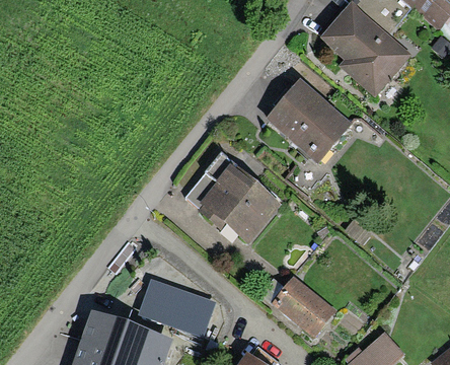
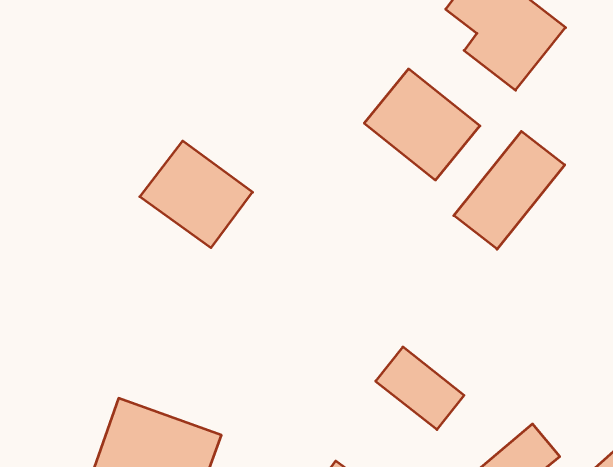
building: none -> [454,131,565,249]
building: [200,163,280,239] -> [140,141,253,248]
building: [140,280,218,338] -> none

